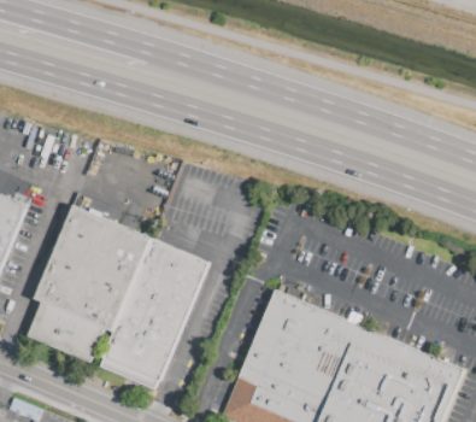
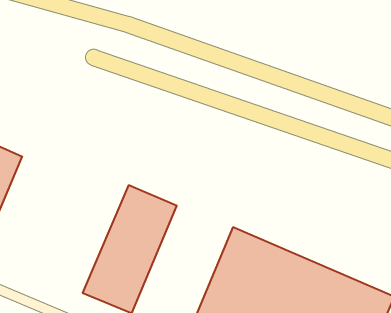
building: [27,205,152,365] -> none

